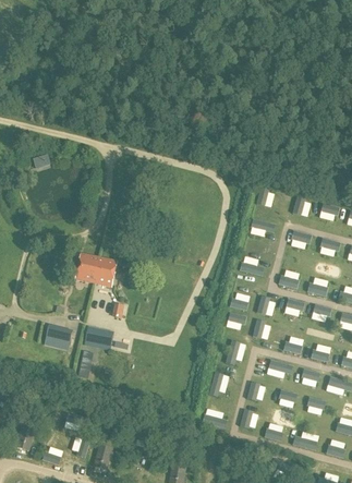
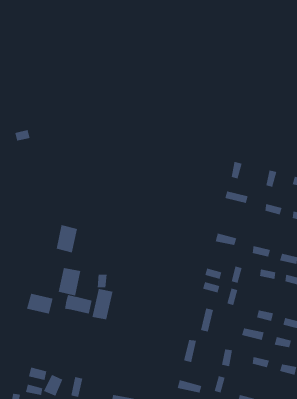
building: [94,257,118,287] -> [58,268,81,296]
building: none -> [92,288,113,320]

